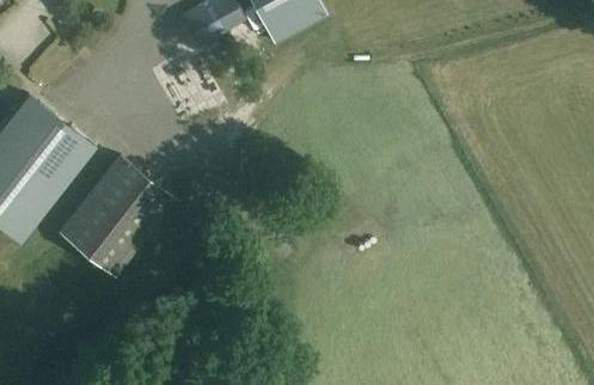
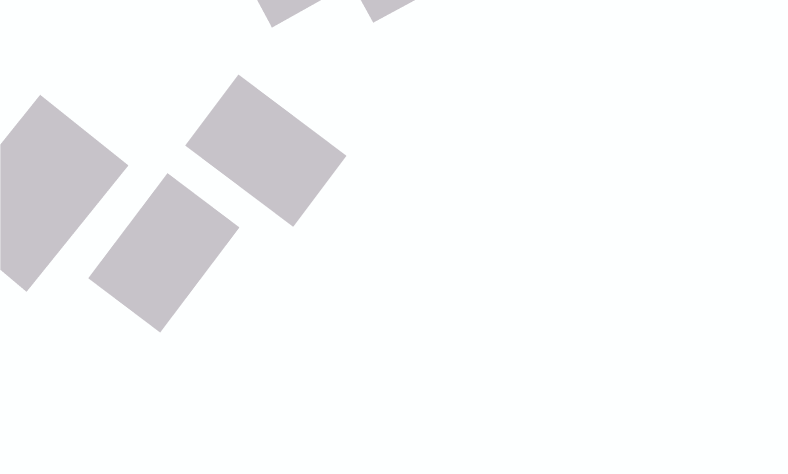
building: none -> [184,73,347,228]

